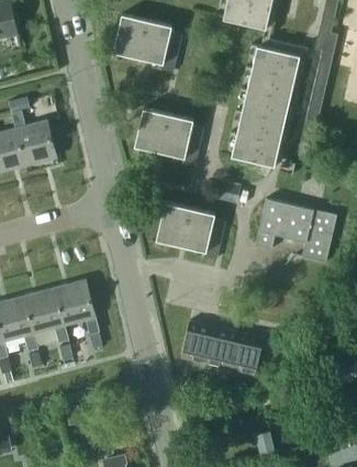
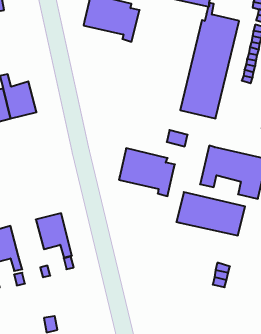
building: [134,109,202,166] -> none
building: [24,289,68,344] -> none
building: [180,322,264,375] -> [176,192,245,235]

